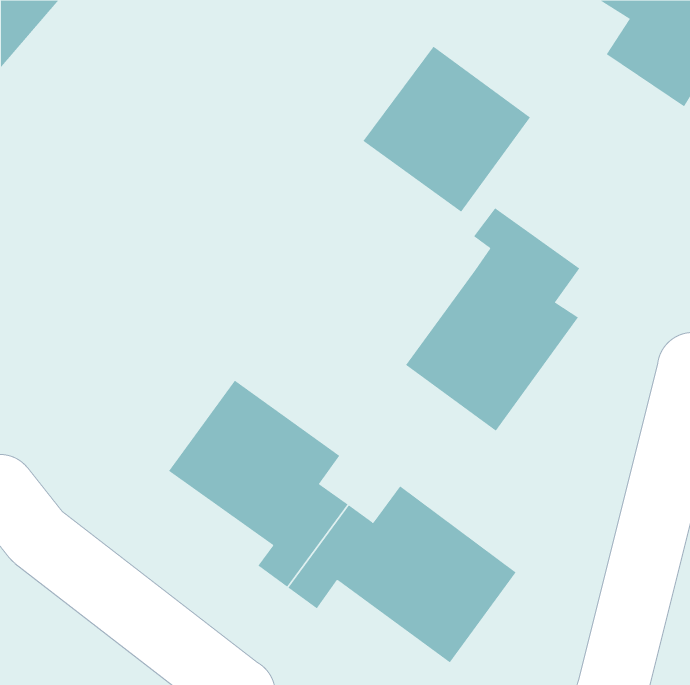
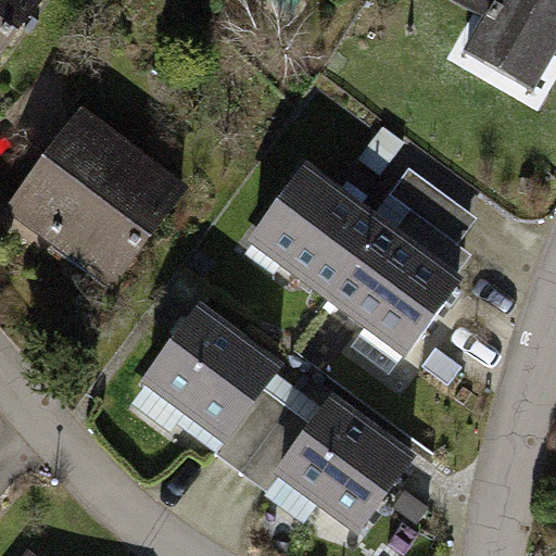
building: [363,46,531,213] -> [248,165,382,299]
building: none -> [8,99,192,281]

